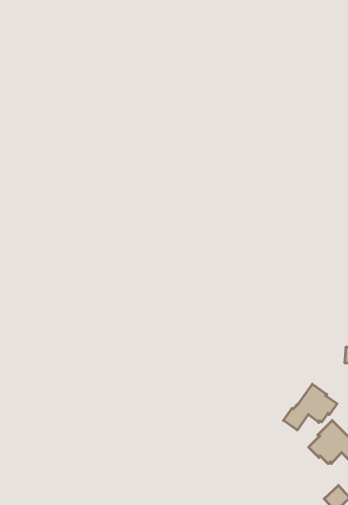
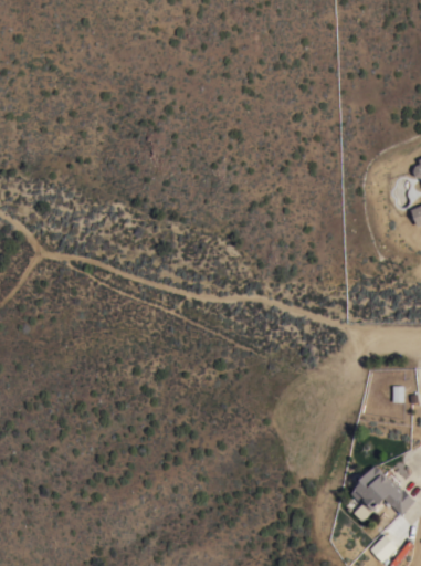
building: [283,384,337,430] -> none

